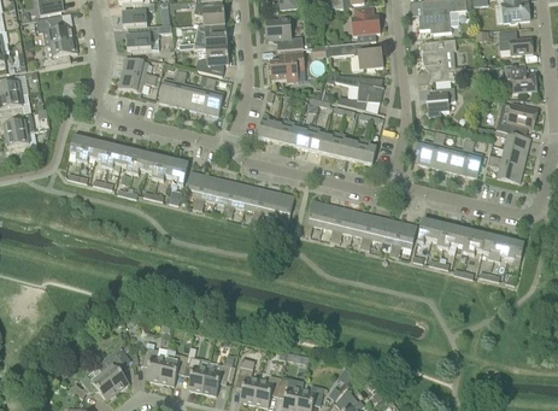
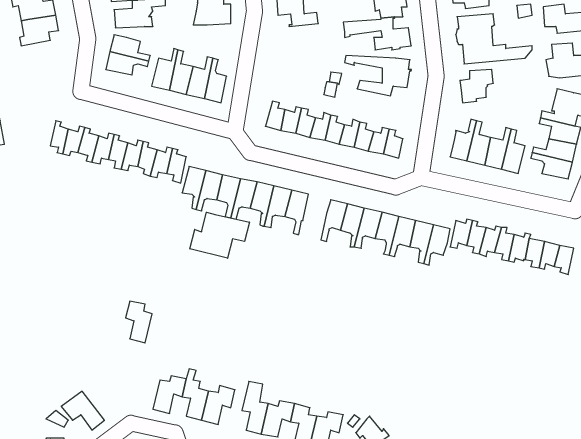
building: [195,47,228,76] -> none
building: [270,51,304,82] -> none
building: none -> [190,212,249,258]
building: [142,346,165,382] -> [126,301,152,343]
building: [96,351,129,392] -> none

